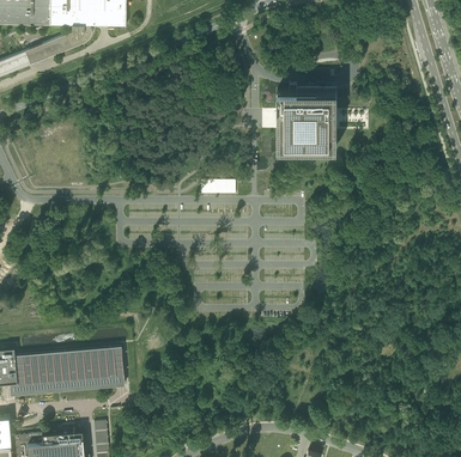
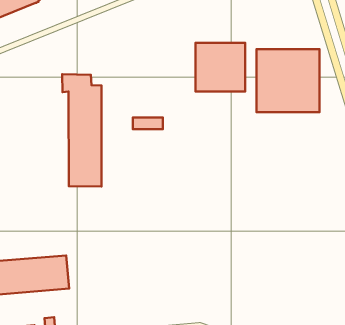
building: none -> [257,49,319,112]
building: none -> [62,74,101,186]

